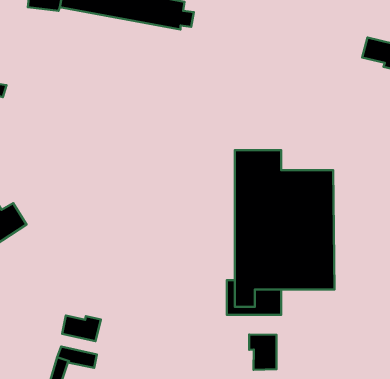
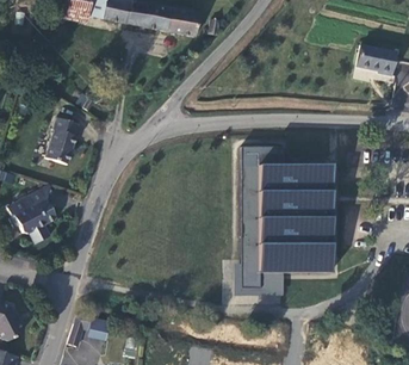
building: none -> [55,120,88,166]
building: [62,315,101,341] -> none
building: [249,335,276,370] -> none

